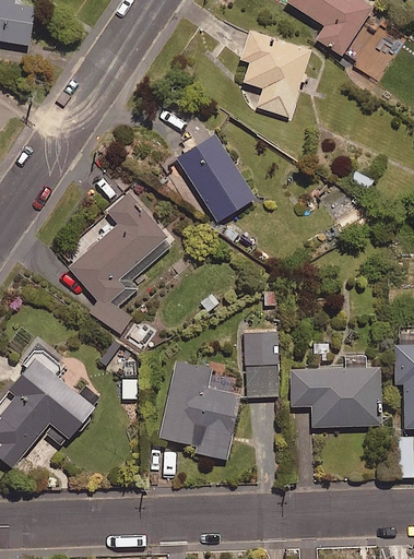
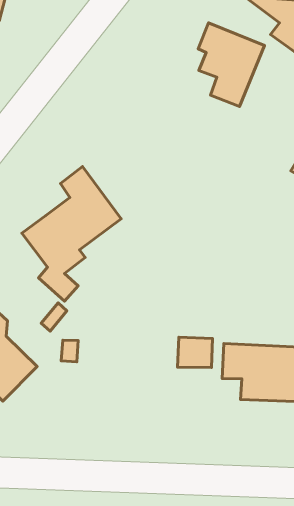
building: [178,134,255,222] -> none
building: [241,329,279,366] -> none
building: [161,362,239,460] -> none

